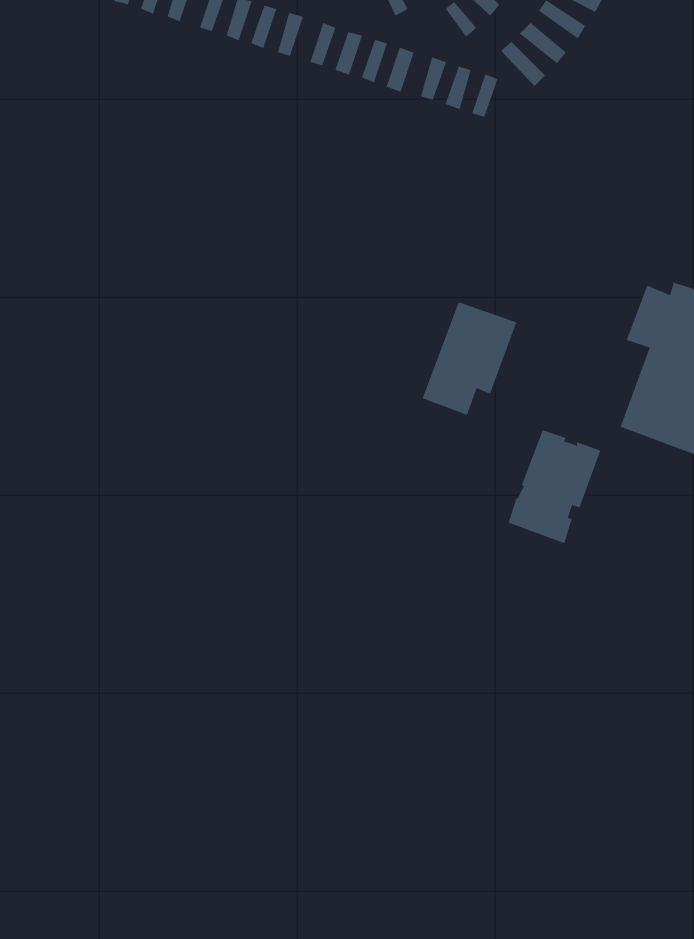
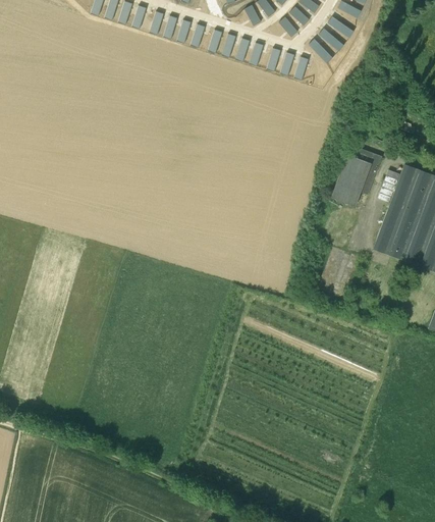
building: [422,301,517,416] -> [331,145,382,206]

